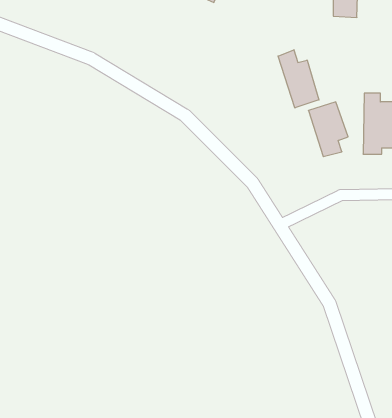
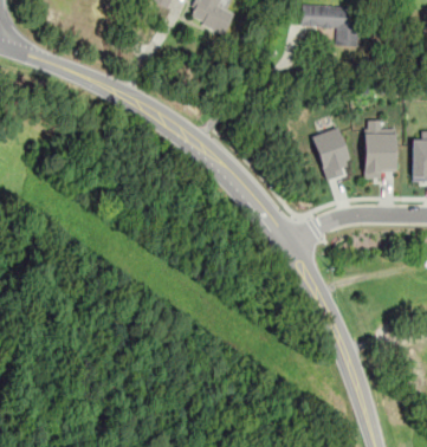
building: [278,50,319,108] -> none

